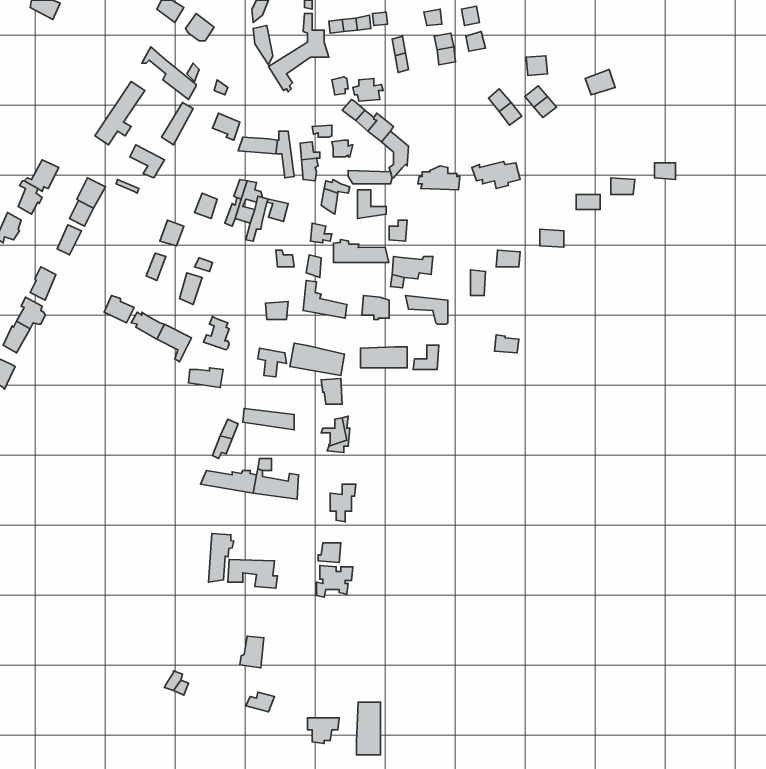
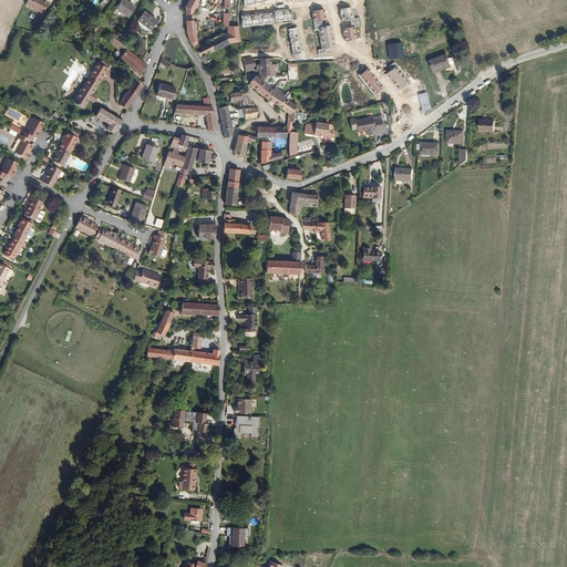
building: [334,240,389,263] -> none
building: [290,343,345,376] -> none
building: [209,534,234,582] -> none
building: [356,702,381,755] -> none

